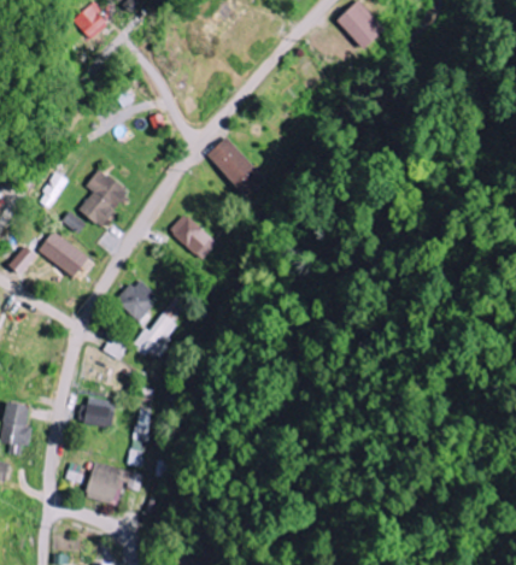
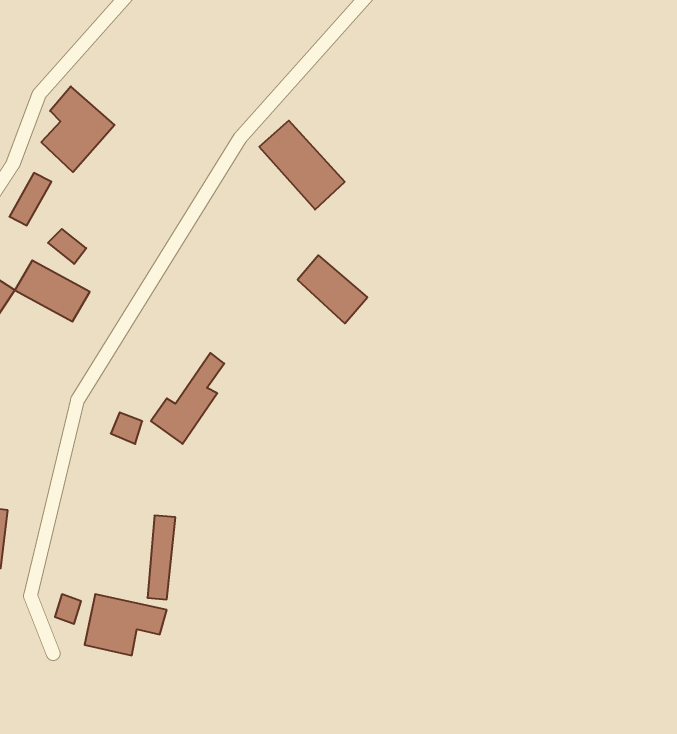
building: [80,169,130,228] -> [41,86,115,172]
building: [170,213,218,260] -> [298,255,367,323]
building: [117,277,158,319] -> none
building: [80,396,115,426] -> none

